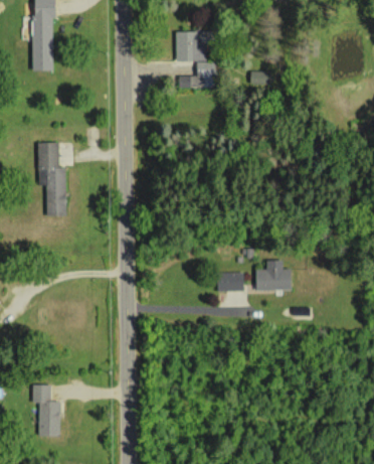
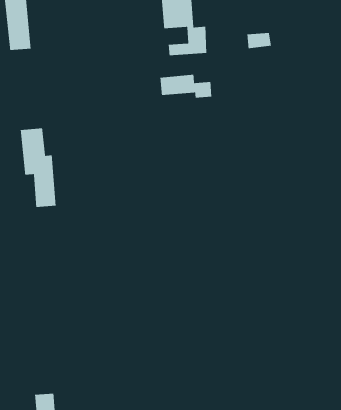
building: none -> [160,74,212,98]
building: [256,261,292,291] -> none
building: [217,272,243,291] -> none

